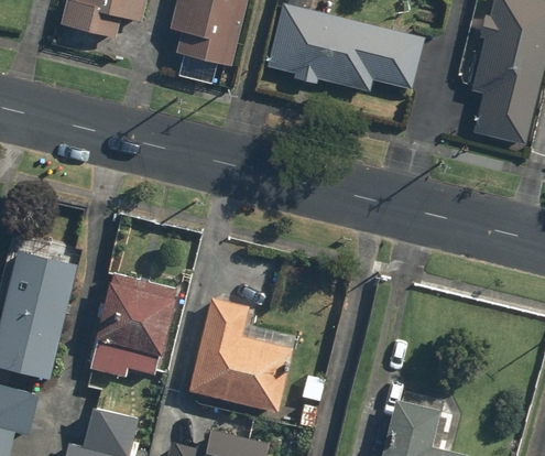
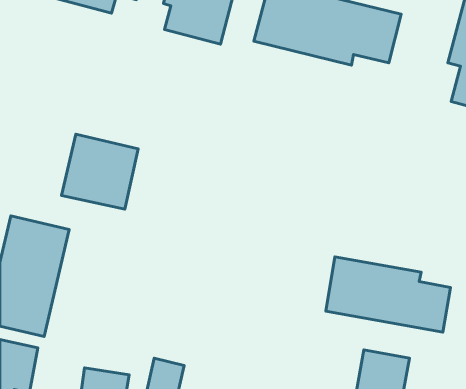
building: [94,275,175,355] -> [61,134,138,209]
building: none -> [326,257,450,332]
building: [185,296,283,411] -> none

